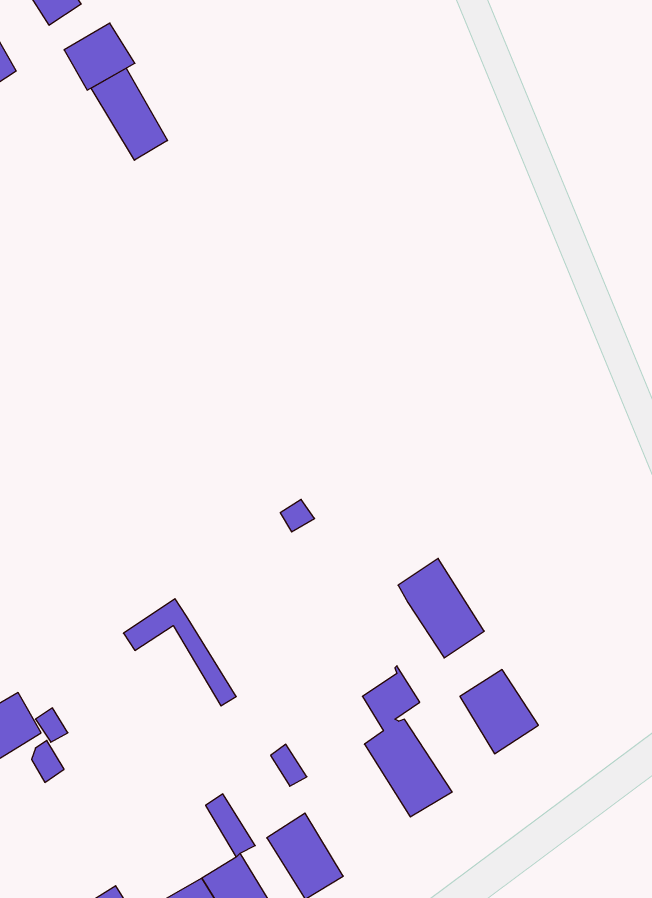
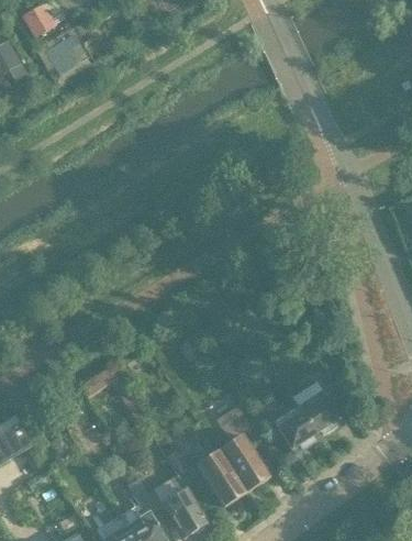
building: [91,68,168,160] -> none
building: [398,558,484,658] -> [292,380,342,438]
building: none -> [196,449,245,506]

